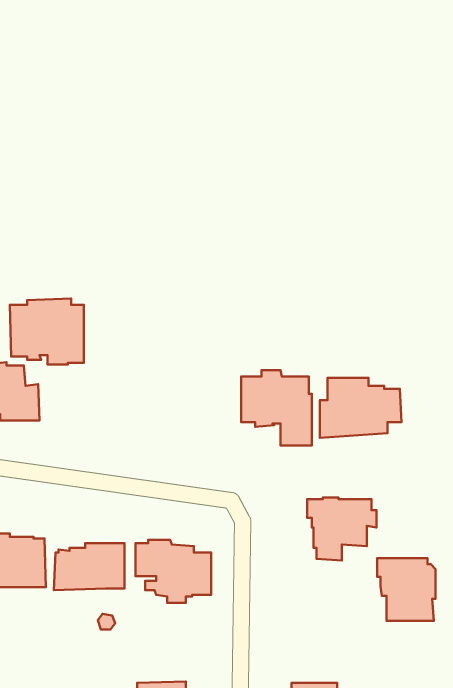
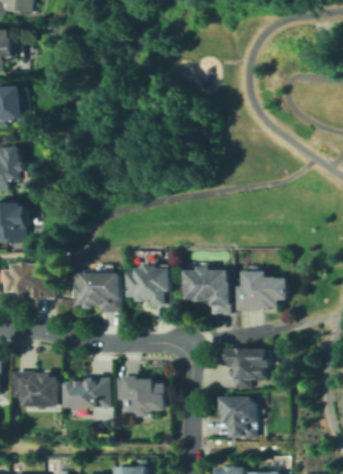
building: [10,298,84,365] -> [74,270,121,312]
building: none -> [125,265,170,306]
building: [377,558,435,621] -> [220,397,257,438]

